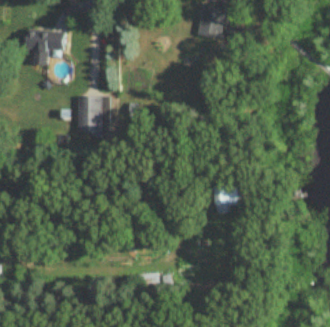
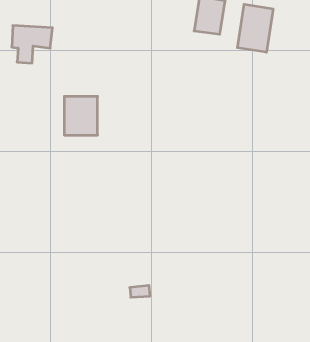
building: none -> [237,4,273,52]
building: [214,183,246,213] -> none

